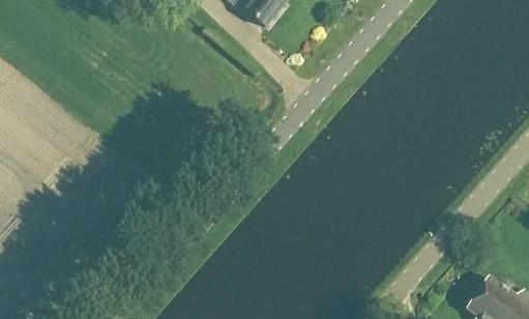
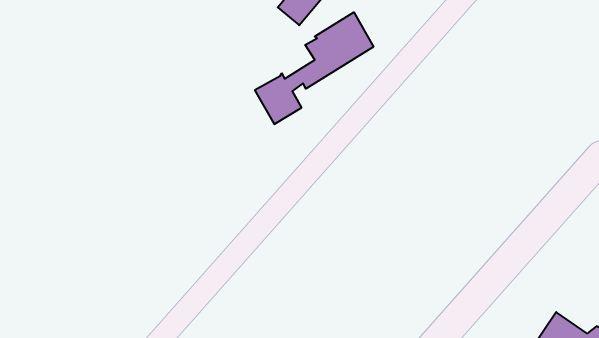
building: none -> [255,12,373,124]

